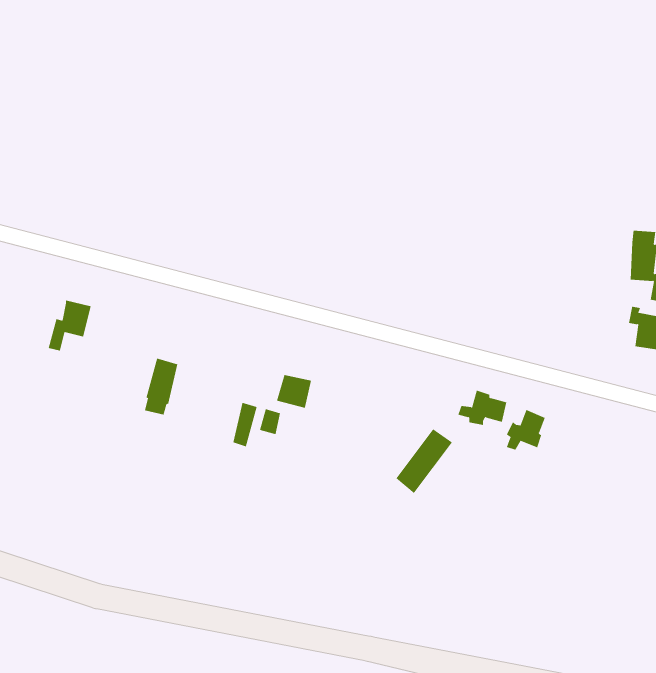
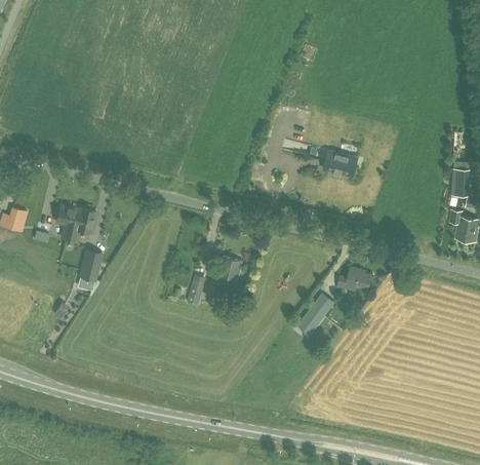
building: none -> [322,149,356,176]
building: none -> [56,203,78,238]
building: [144,358,178,415] -> [78,248,101,286]
building: [506,409,546,451] -> none

